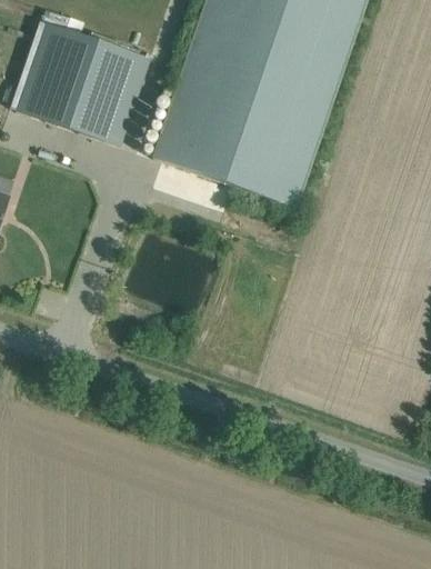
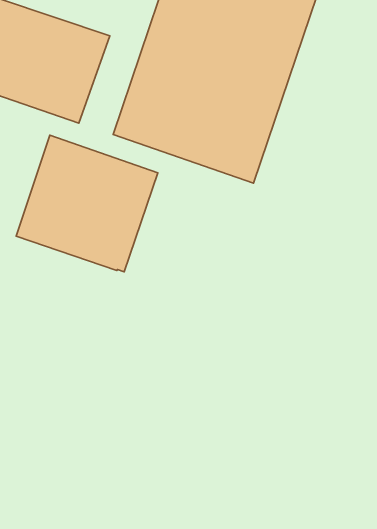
building: none -> [16,135,158,272]

